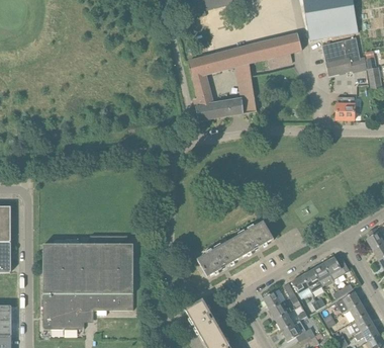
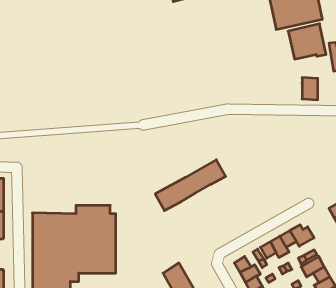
building: [187,32,300,119] -> none
building: [196,221,273,276] -> [155,160,226,211]

